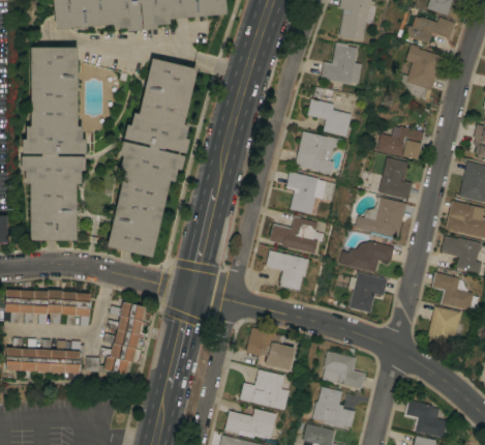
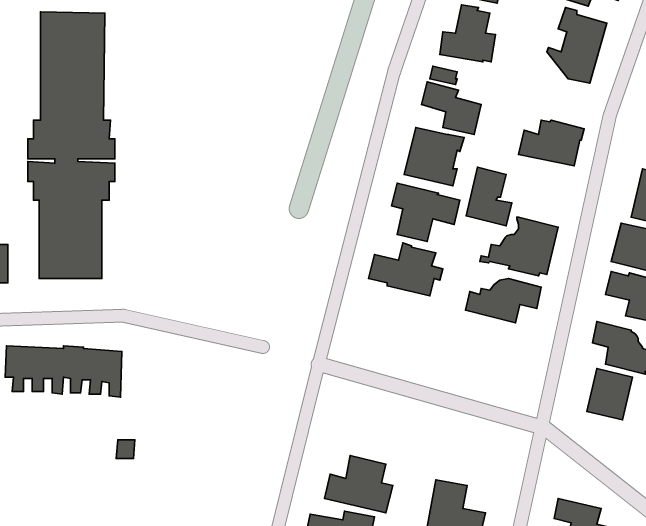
building: [108,59,198,258] -> none
building: [381,157,414,200] -> [466,167,512,226]
building: [267,250,309,292] -> none
building: [351,272,389,314] -> none
building: [101,302,146,376] -> none
building: [244,329,293,370] -> none
building: [7,338,86,374] -> none
building: [320,352,364,390] -> none

